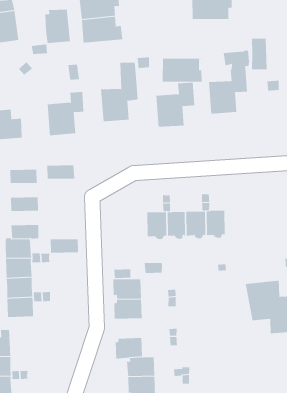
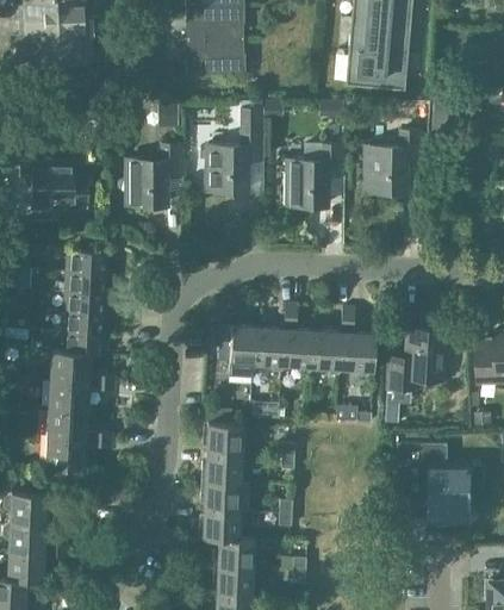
building: [45,9,70,44] -> none
building: [162,58,202,82] -> [344,52,406,92]
building: [47,165,75,179] -> [62,272,104,294]
building: none -> [385,330,446,418]
building: none -> [220,326,260,379]
building: [50,239,79,253] -> [60,312,102,335]
building: none -> [199,481,242,511]

